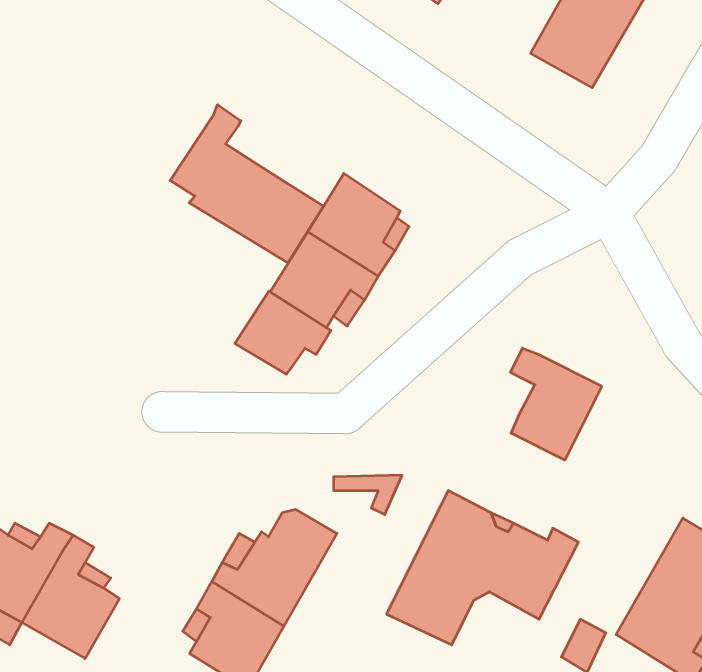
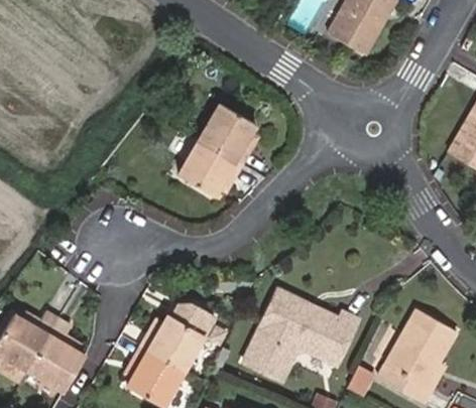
building: [170,105,324,263] -> none
building: [235,291,331,374] -> none
building: [511,348,602,460] -> none

